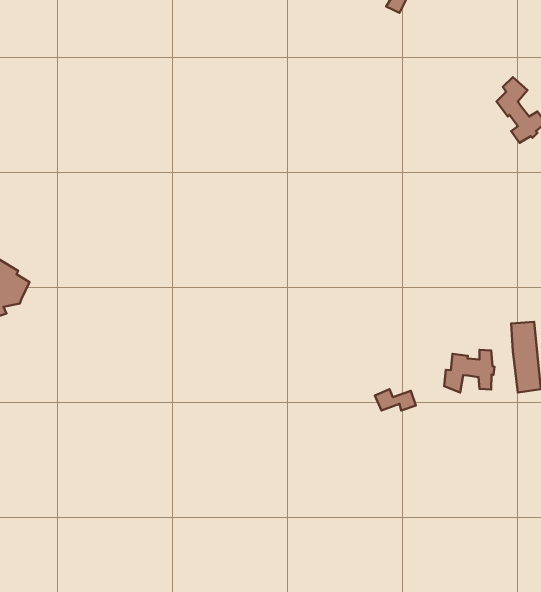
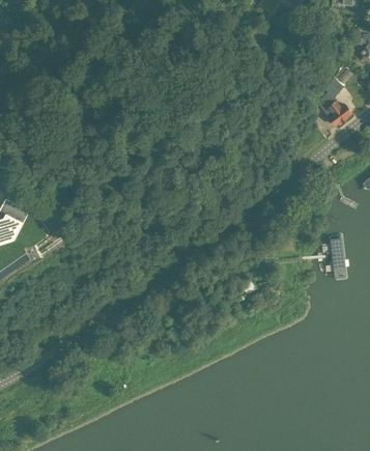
building: [444,350,494,393] -> none

